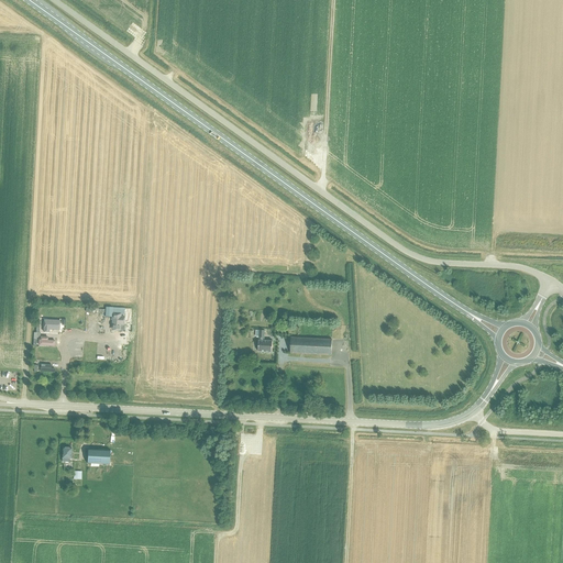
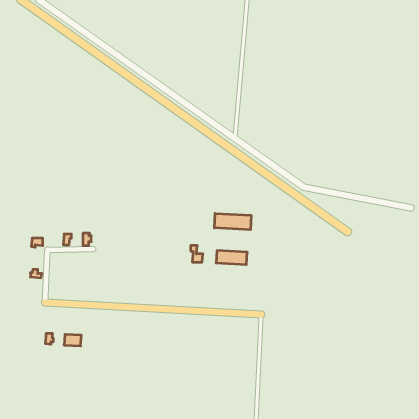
building: none -> [214,213,251,230]

